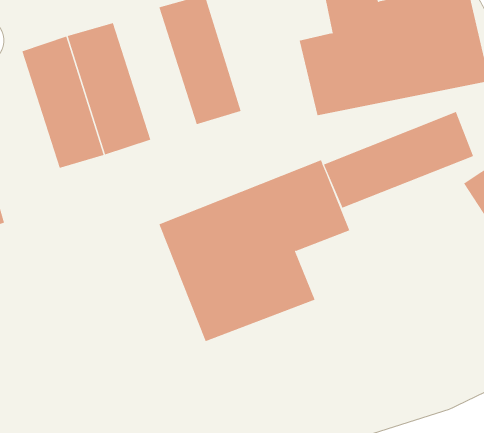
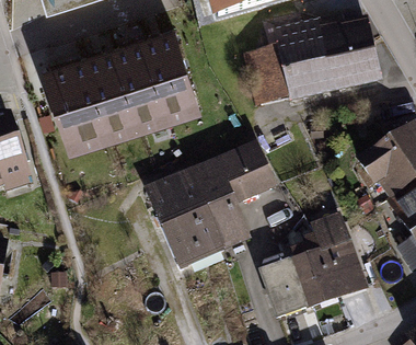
building: none -> [108,26,169,123]
building: [323,111,474,208] -> none
building: none -> [262,214,370,317]

